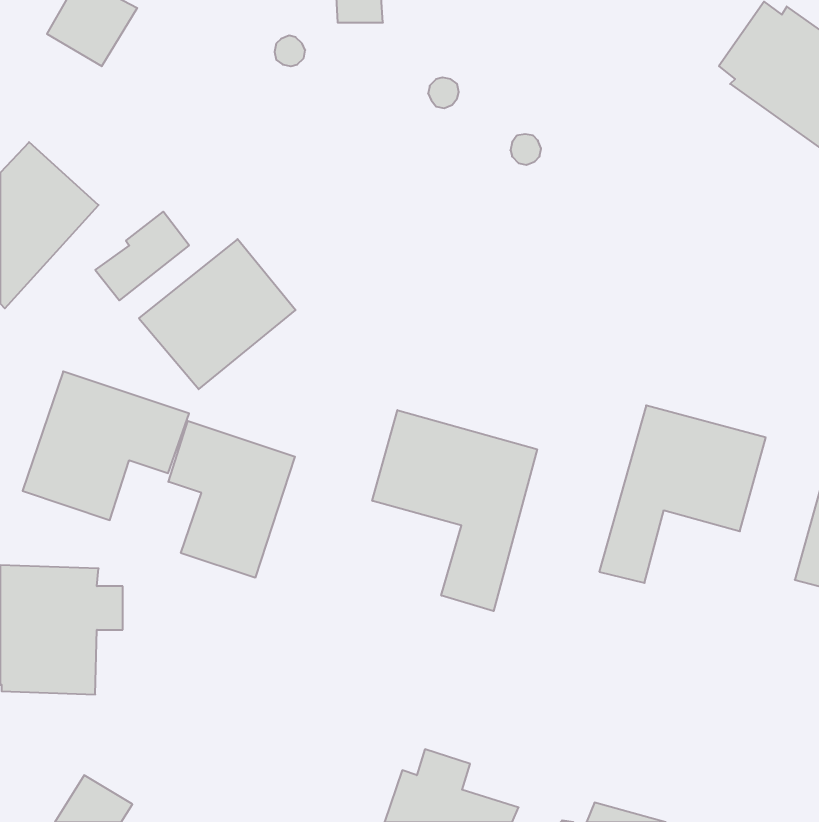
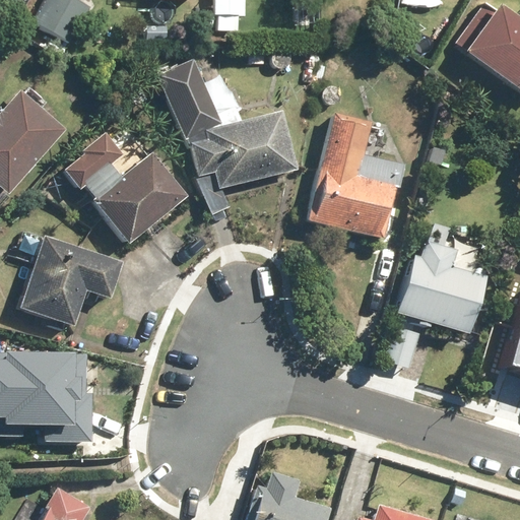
building: none -> [158,58,298,211]
building: none -> [309,112,402,238]
building: [372,410,537,611] -> none
building: [168,421,295,578] -> none

